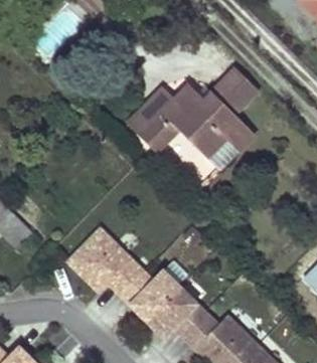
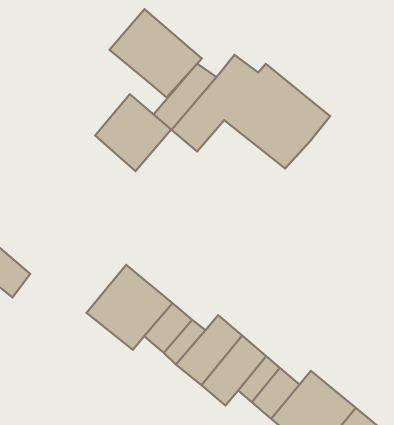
building: none -> [110,9,202,97]
building: [211,68,258,115] -> none
building: none -> [95,94,171,171]

